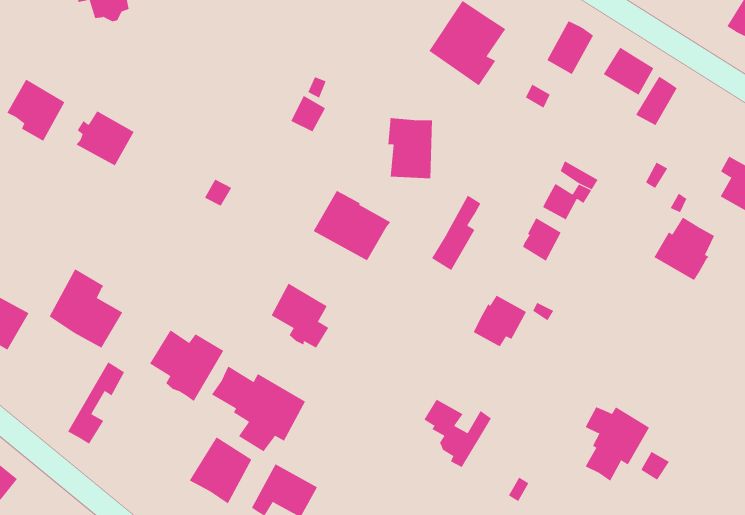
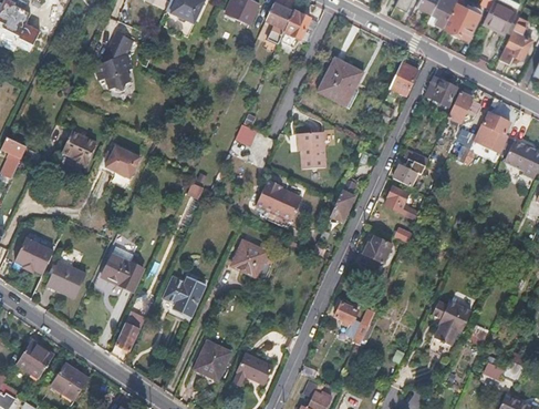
building: [653,217,715,281] -> [474,113,510,152]
building: [211,365,306,452] -> none

